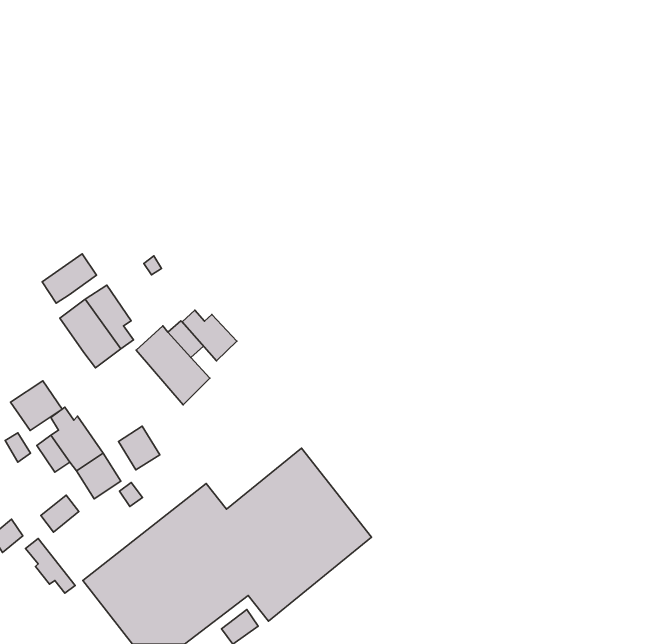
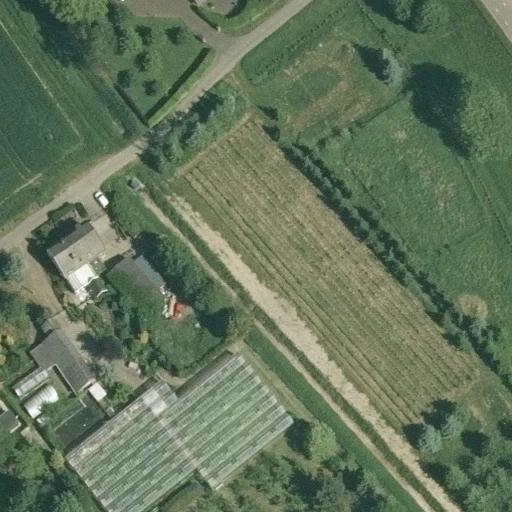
building: [42,254,96,303] -> none
building: [182,310,237,361] -> none
building: [11,381,62,431] -> none
building: [118,426,160,470] -> none

